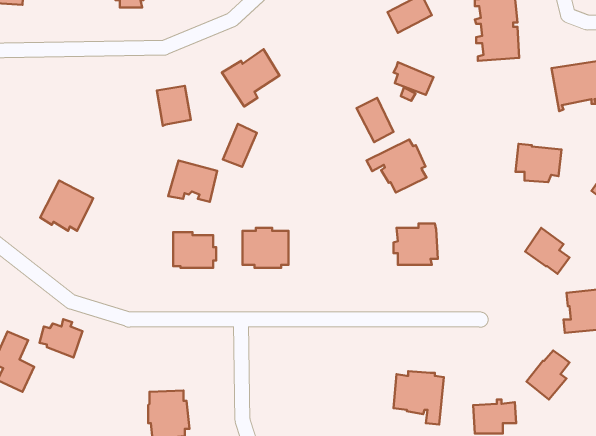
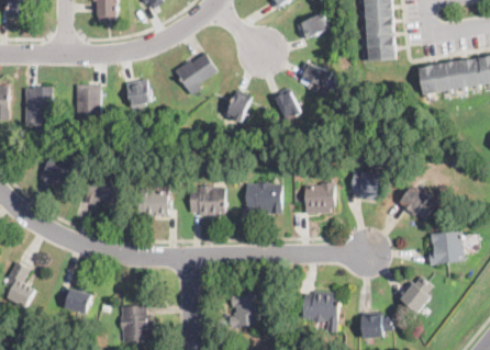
building: none -> [76,84,100,118]
building: none -> [24,87,52,126]
building: [223,124,257,167] -> [225,91,250,123]
building: [367,139,427,193] -> none
building: [516,144,561,182] -> [350,171,385,200]
building: [168,161,217,202] -> [82,176,119,206]
building: none -> [245,183,280,214]
building: [39,319,82,358] -> [59,286,91,315]
building: none -> [227,294,257,327]

